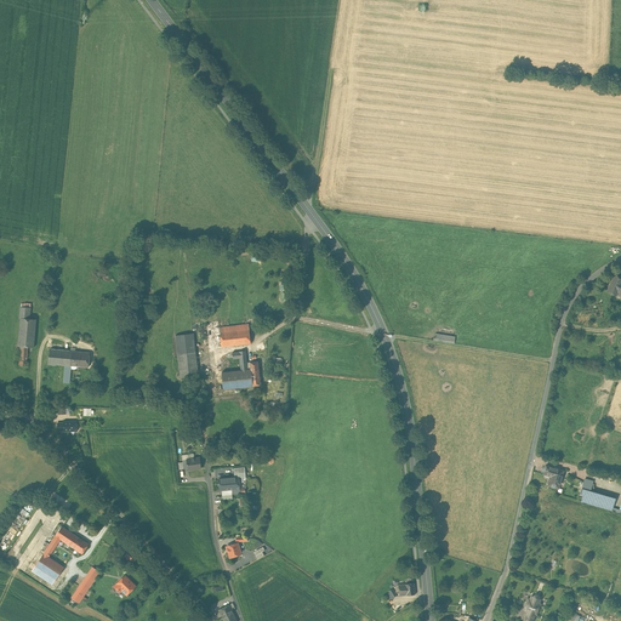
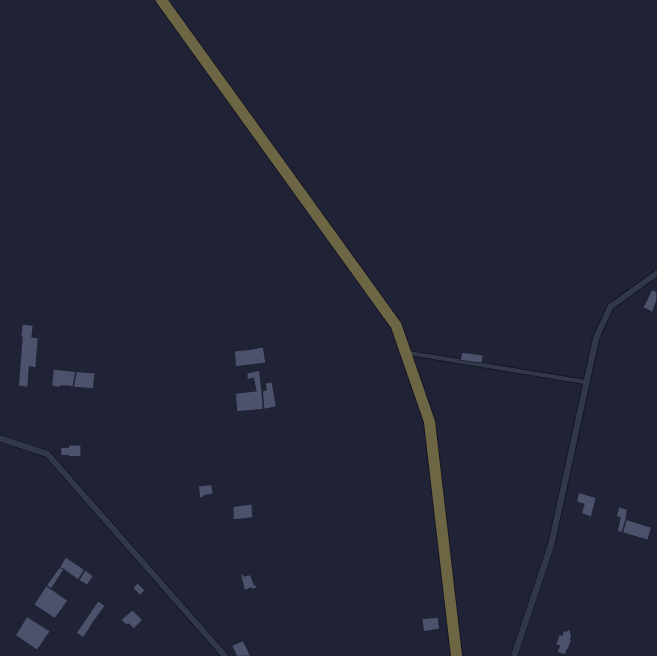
building: [175,332,198,376] -> none
building: none -> [15,616,50,651]

